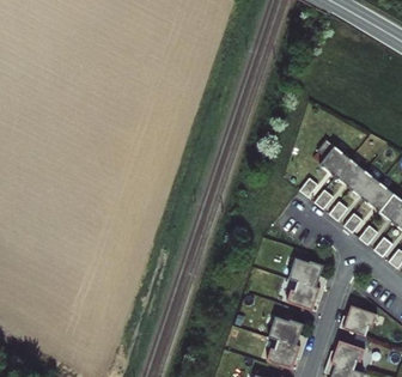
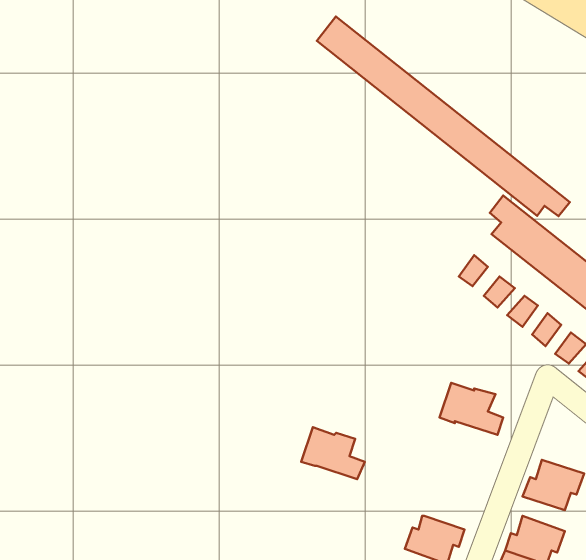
building: none -> [317,16,570,216]
building: [286,281,323,311] -> none
building: [268,316,307,348] -> [301,427,365,479]

